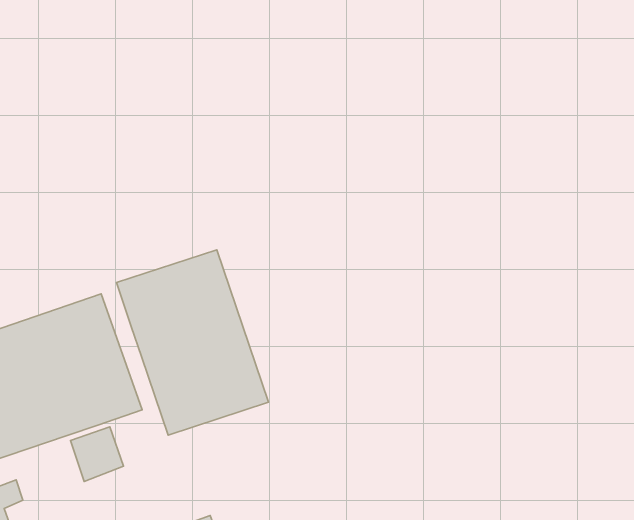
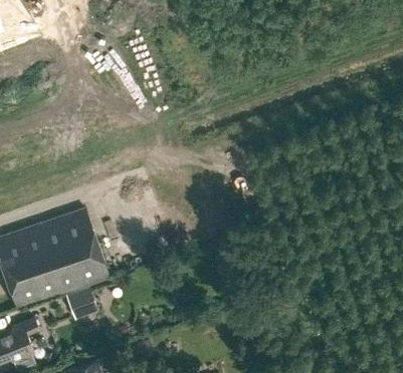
building: [116,250,269,435] -> none

